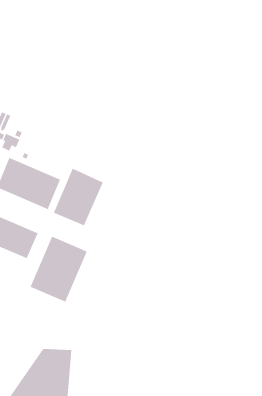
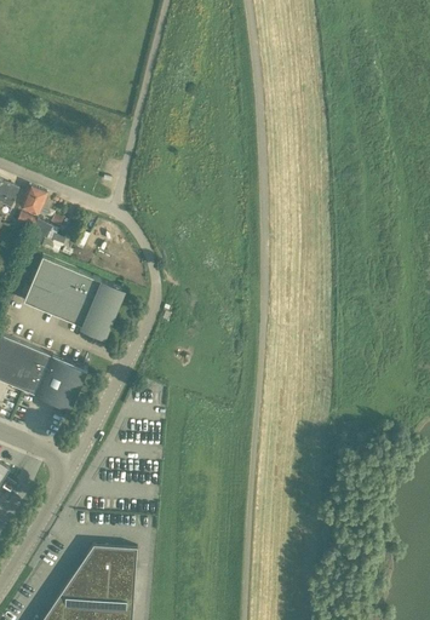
building: [53,168,104,226] -> none
building: [30,236,87,303] -> none

